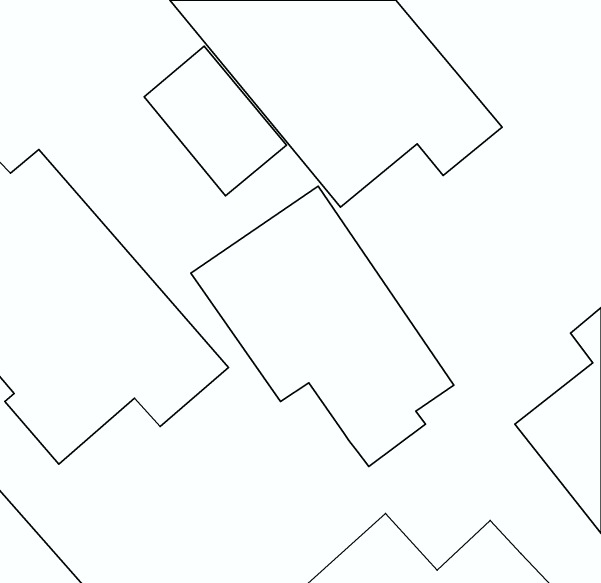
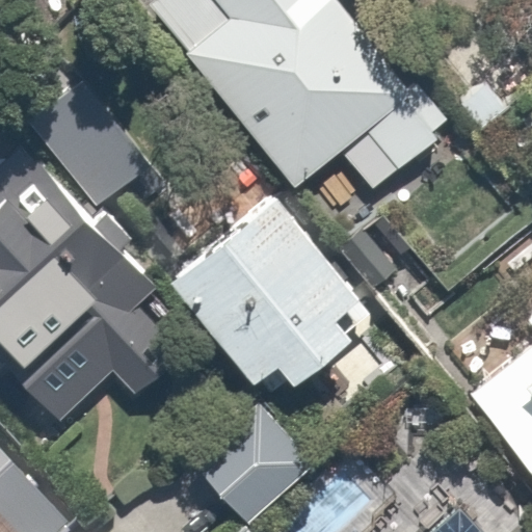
building: [144,46,287,196] -> [28,76,154,208]
building: none -> [200,413,309,523]

